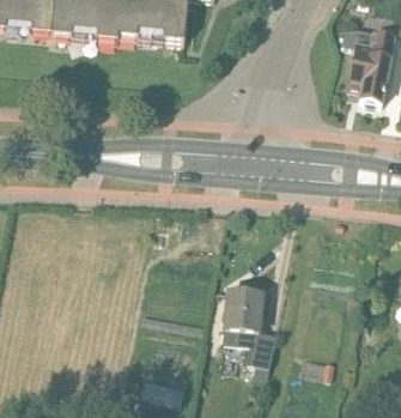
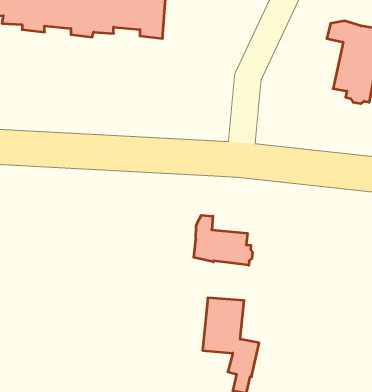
building: none -> [194,215,253,265]

